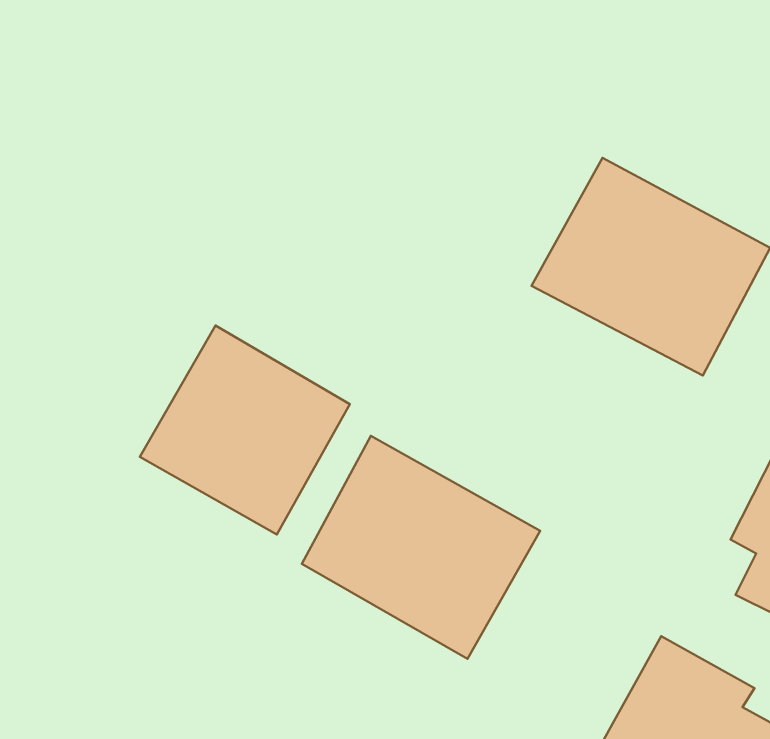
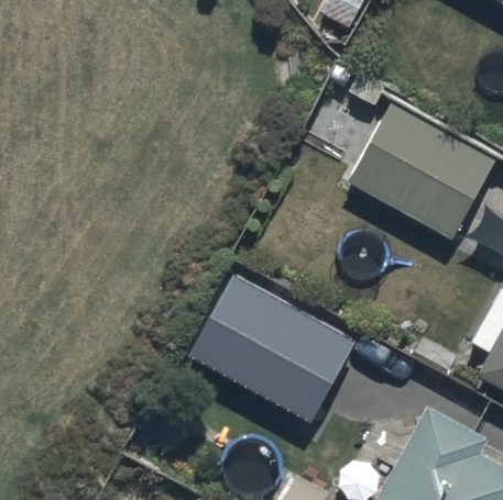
building: [140,325,350,535] -> none

